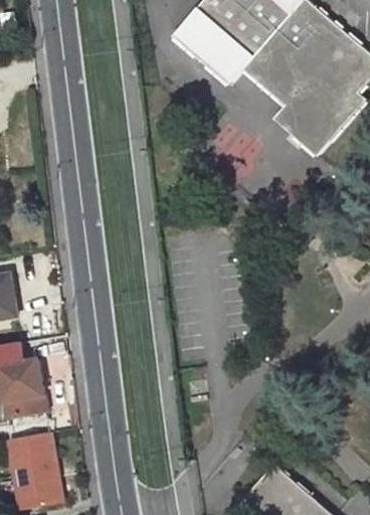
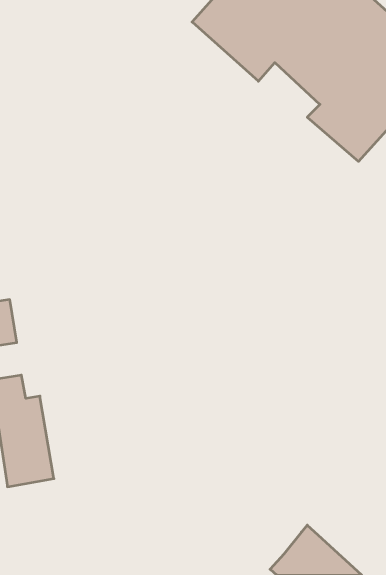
building: [11,431,63,509] -> none

